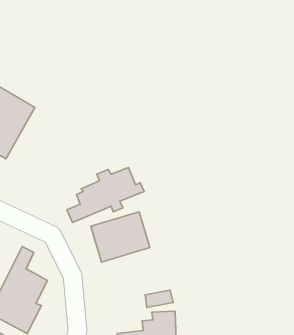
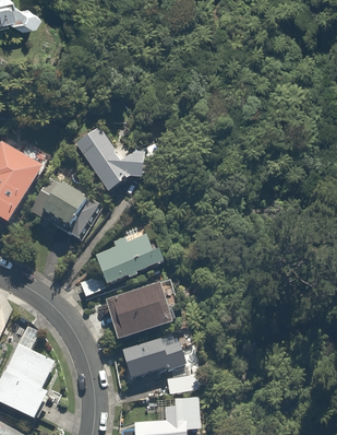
building: none -> [74,125,142,191]
building: none -> [25,174,100,242]
building: none -> [119,328,190,379]

